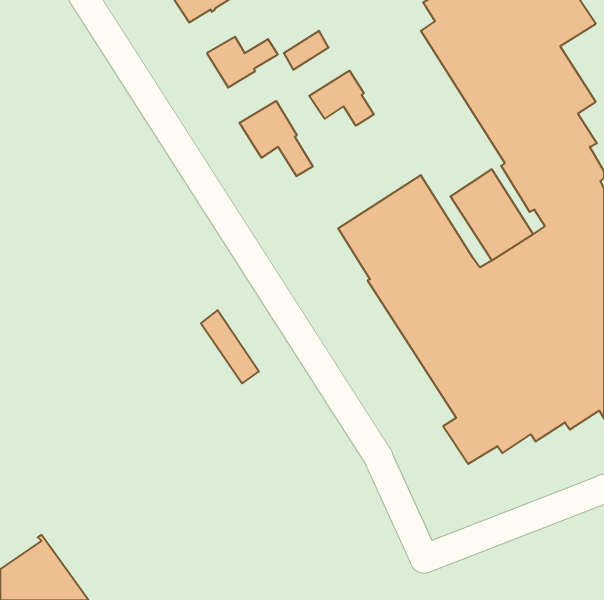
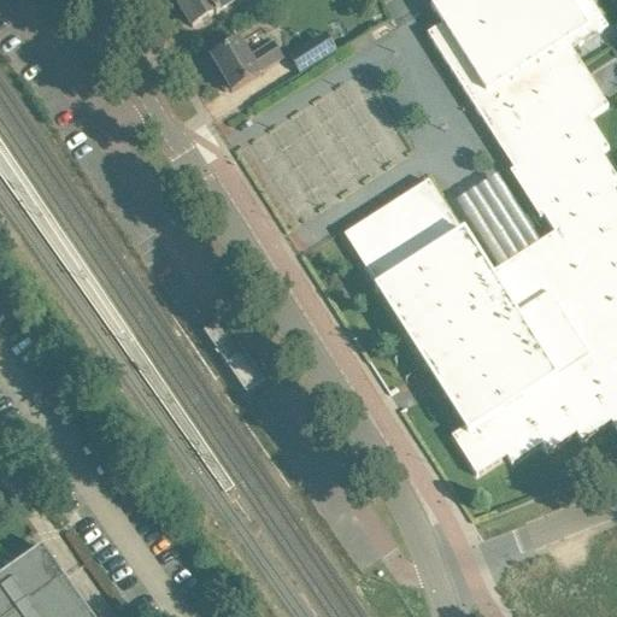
building: [309,71,374,126] -> none
building: [239,101,313,176] -> none

